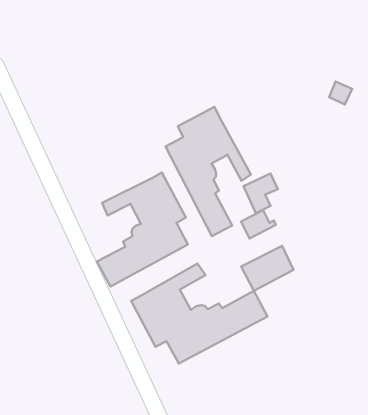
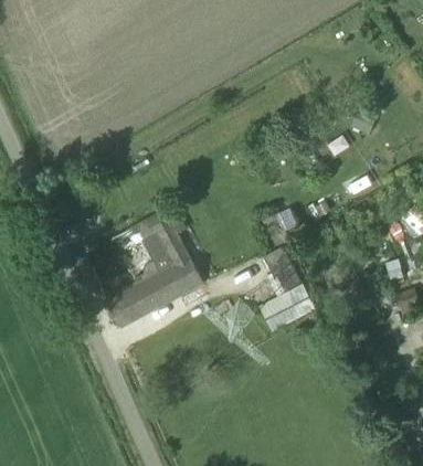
building: [166,107,251,236] -> none
building: [131,264,267,364] -> none

